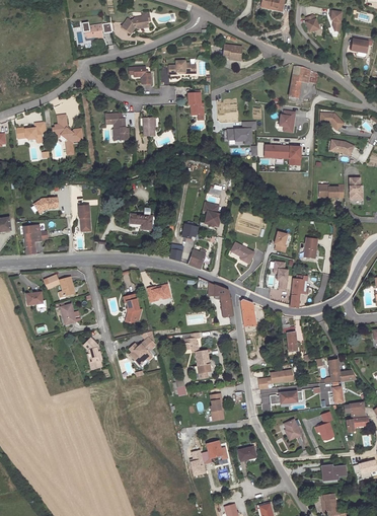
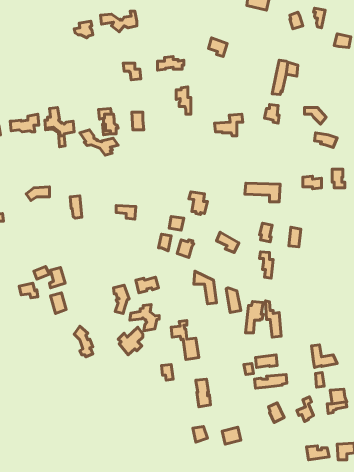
building: none -> [80,130,118,155]
building: [265,145,301,164] -> [245,183,280,202]
building: [23,224,48,254] -> none
building: [291,275,309,307] -> [246,301,263,333]
building: none -> [130,304,159,331]

